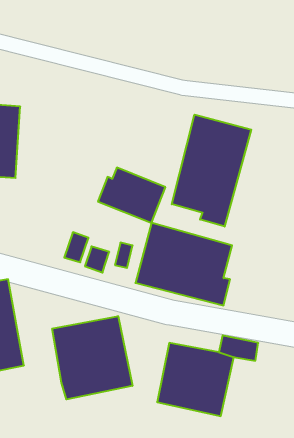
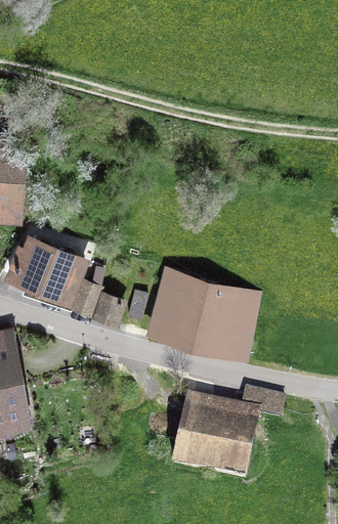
building: [172,115,251,227] -> none
building: [98,168,165,223] -> [8,238,82,299]
building: [52,316,132,399] -> none

